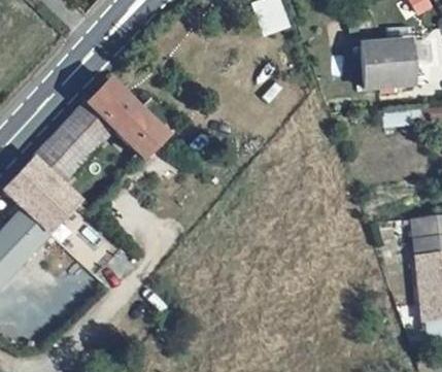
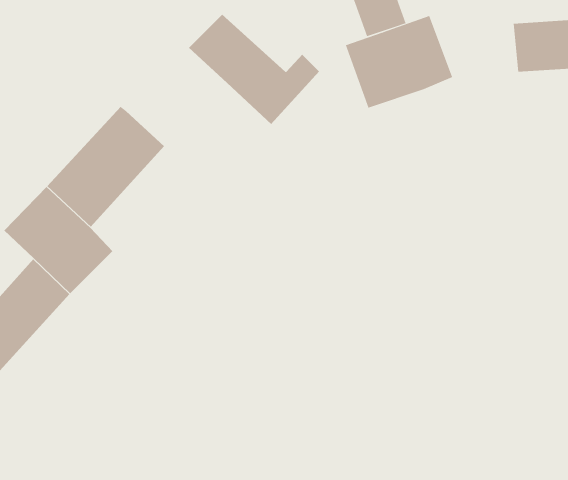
building: none -> [345,15,453,109]
building: [91,80,182,158] -> [188,14,320,125]

